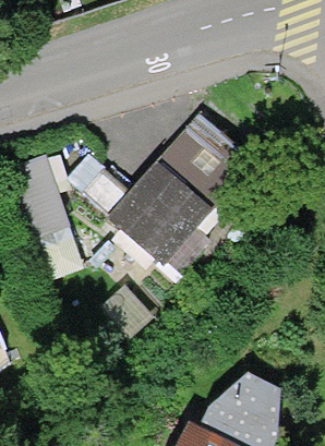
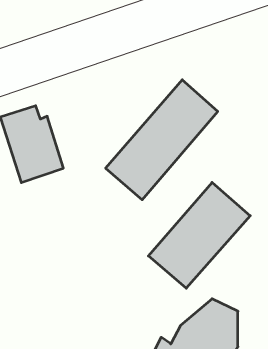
building: none -> [148,182,250,288]

